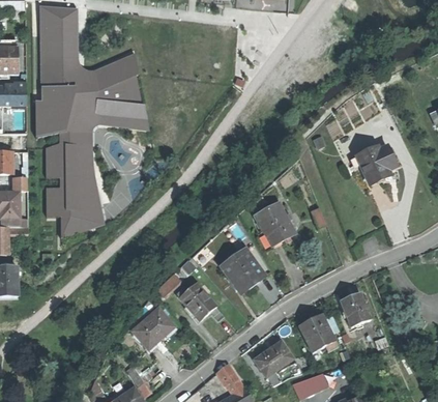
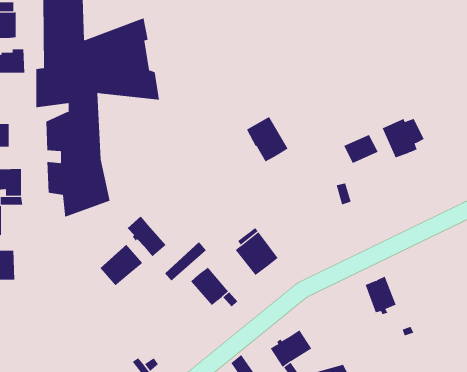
building: none -> [343,134,378,164]
building: [252,203,291,246] -> [246,116,289,162]
building: none -> [127,216,166,257]
building: [132,309,172,348] -> [100,244,143,286]
building: [298,315,337,352] -> none

